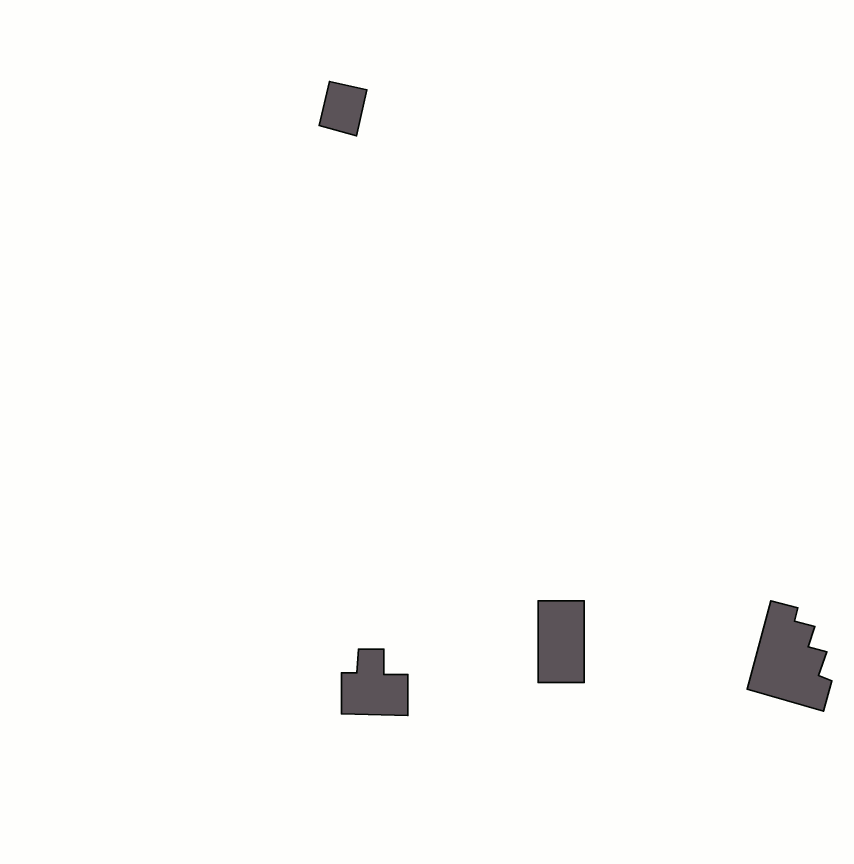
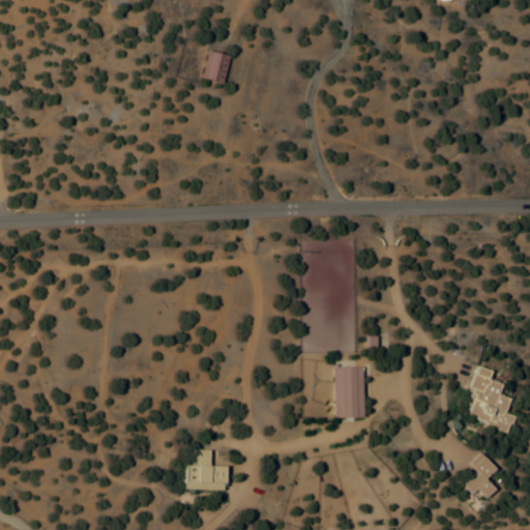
building: [342,649,408,715] -> [185,449,226,490]
building: none -> [464,452,498,499]

